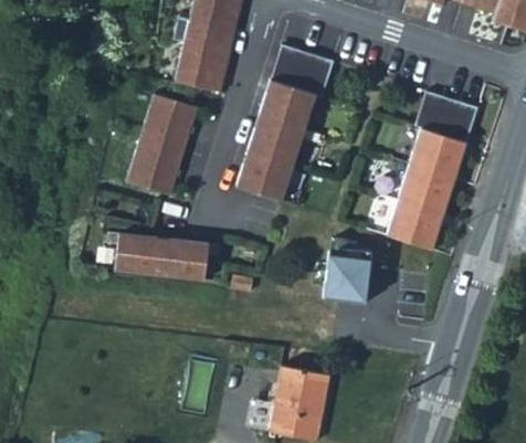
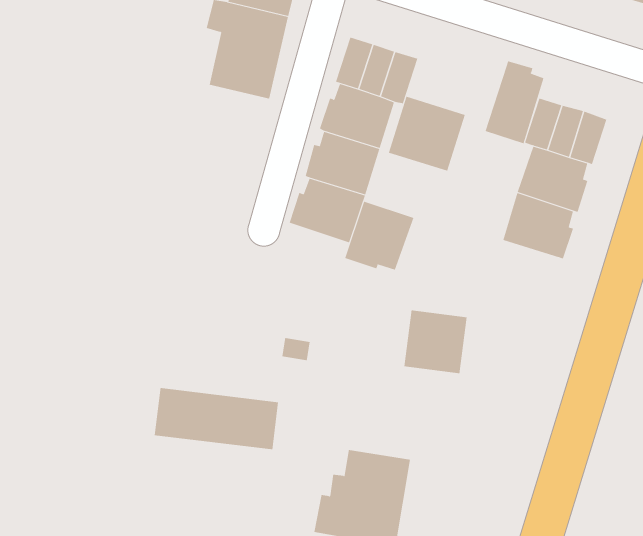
building: none -> [485,61,544,144]
building: none -> [388,96,465,172]
building: [126,95,198,197] -> none
building: none -> [345,201,414,270]
building: [386,201,441,252] -> none
building: [114,234,209,282] -> [154,388,279,450]

